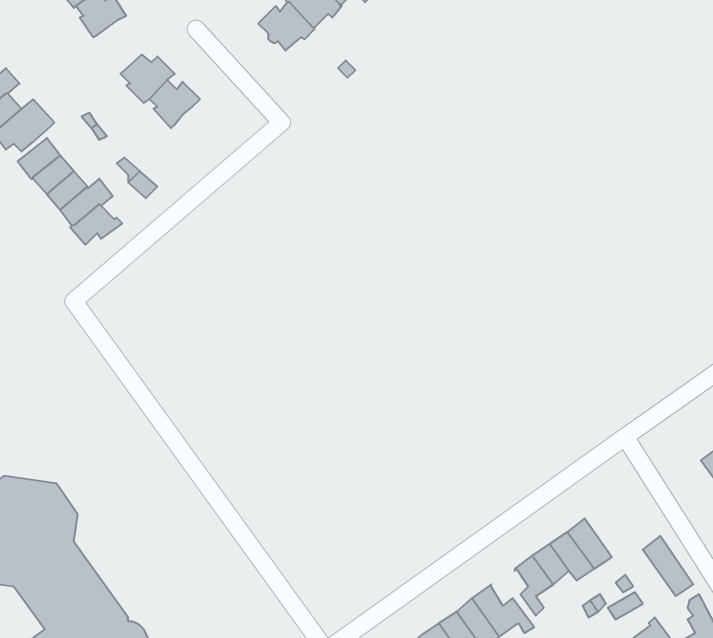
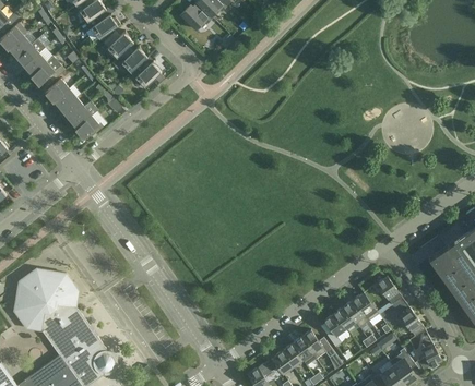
building: none -> [84,12,119,38]
building: none -> [130,61,161,87]
building: none -> [376,276,405,319]

